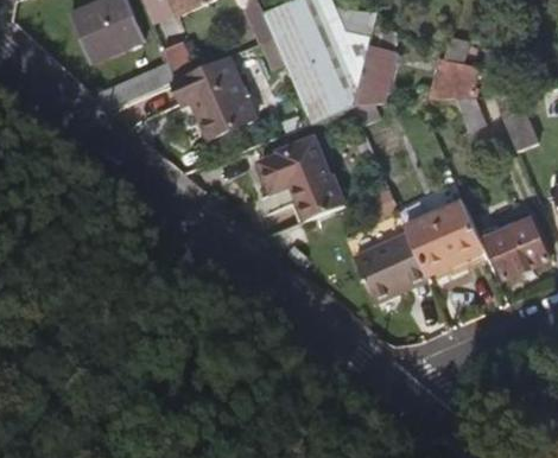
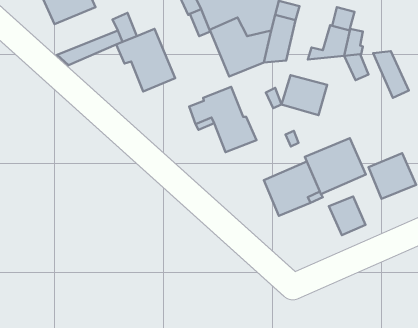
building: none -> [282,75,327,115]
building: none -> [329,196,365,235]

